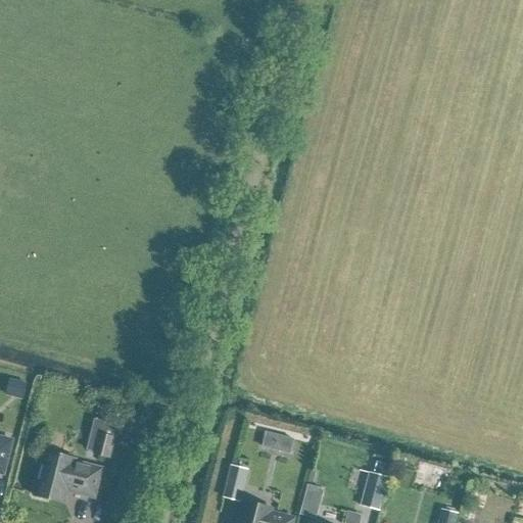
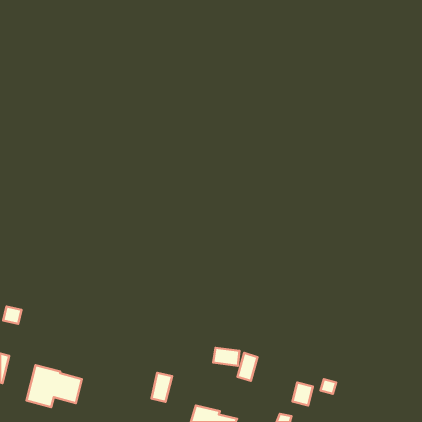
building: [86,420,115,460] -> none
building: [222,466,247,502] -> [151,373,172,402]
building: [302,481,327,516] -> [238,353,257,381]

